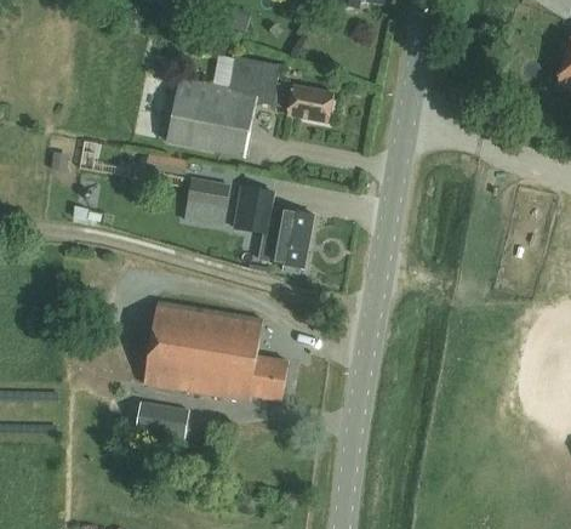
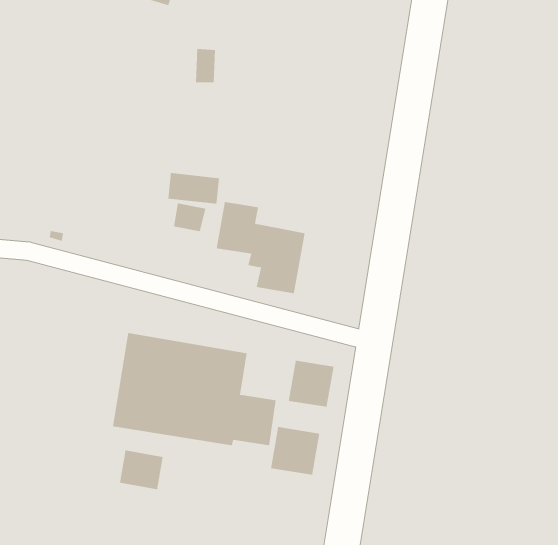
building: [166,66,333,155] -> none
building: none -> [288,360,334,408]
building: none -> [270,426,320,476]

